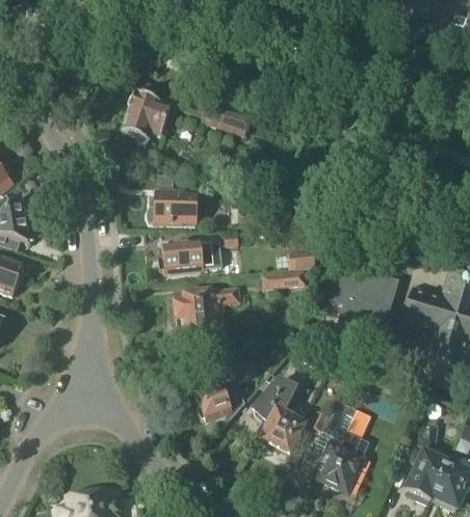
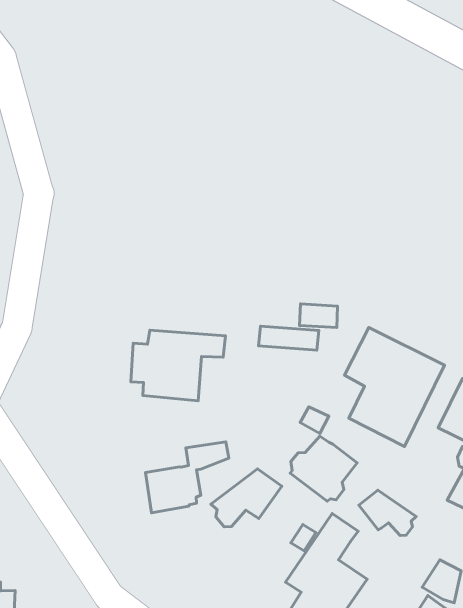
building: [123,92,250,143] -> none
building: [147,191,201,225] -> none
building: [157,240,220,273] -> none
building: none -> [359,490,416,535]
building: [257,407,305,453] -> [290,436,357,501]

